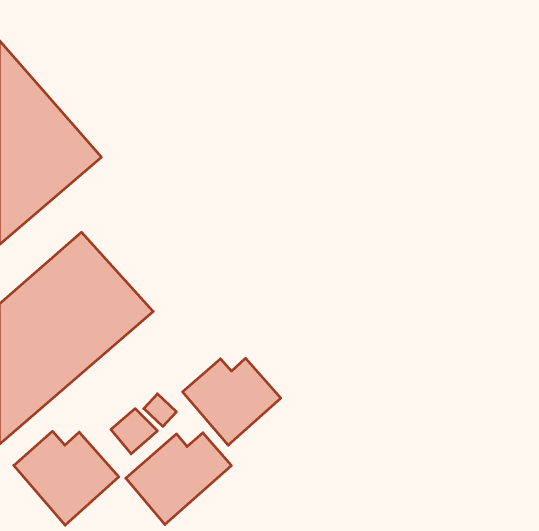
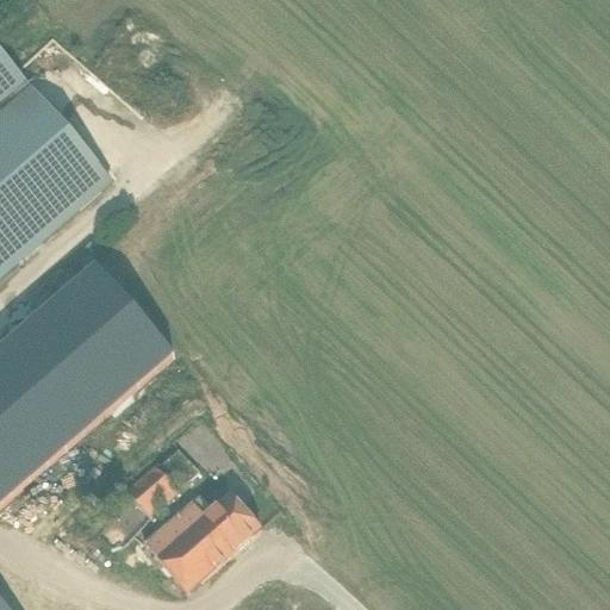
building: [183,358,281,445] -> none
building: [14,431,119,525] -> none

